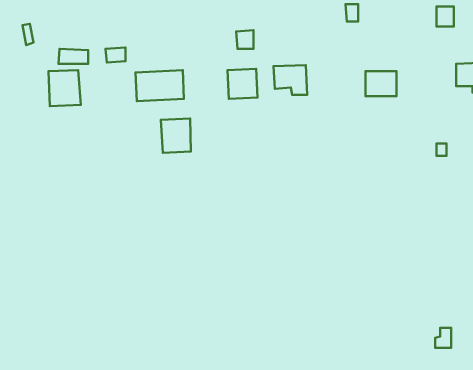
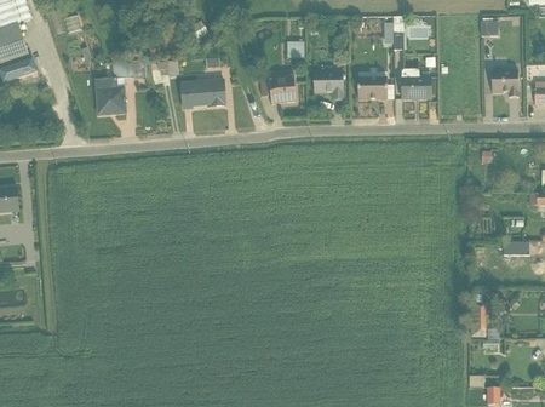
building: none -> [358,76,390,101]
building: [161,118,191,153] -> none

